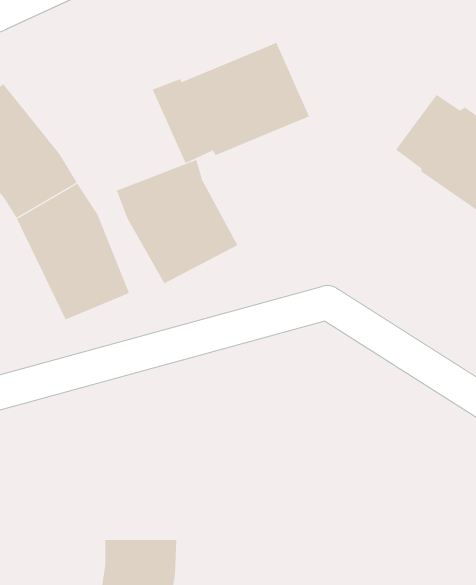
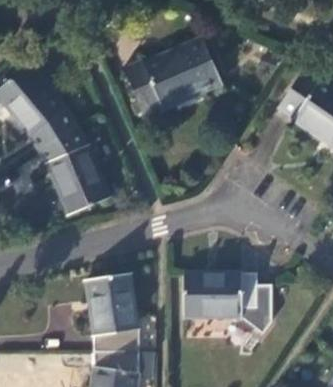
building: [116,159,238,284] -> none
building: none -> [183,272,272,332]
building: none -> [85,275,139,353]

